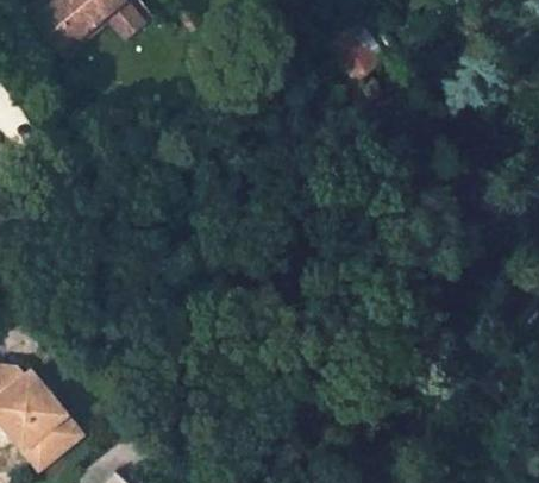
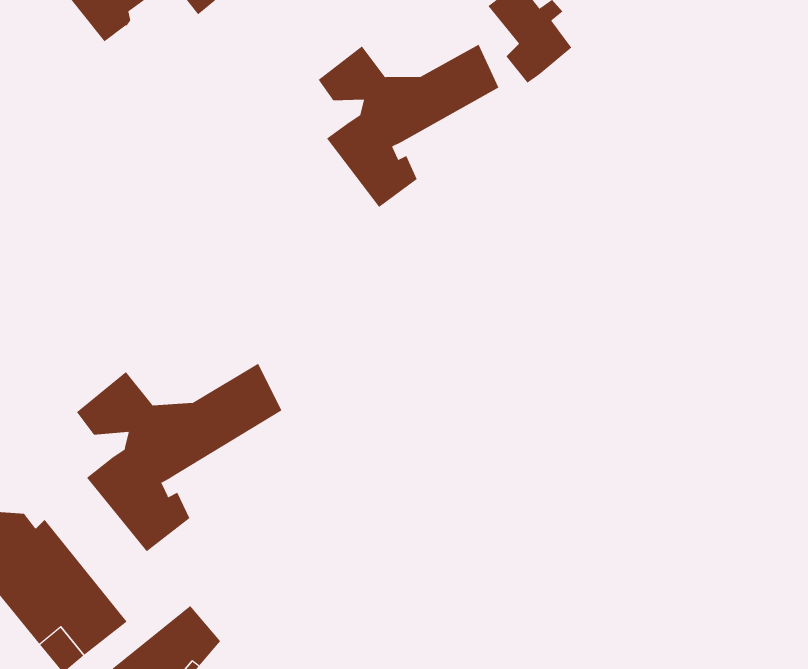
building: none -> [318,44,499,208]
building: none -> [76,363,282,552]

